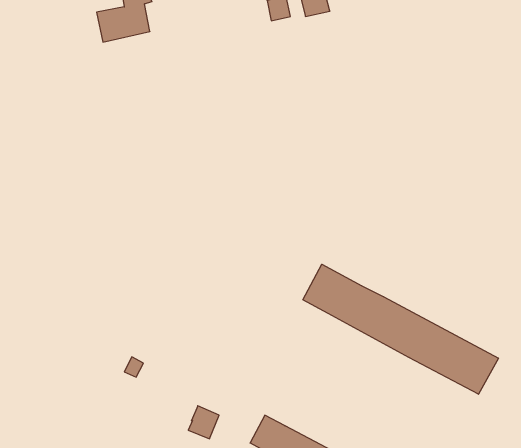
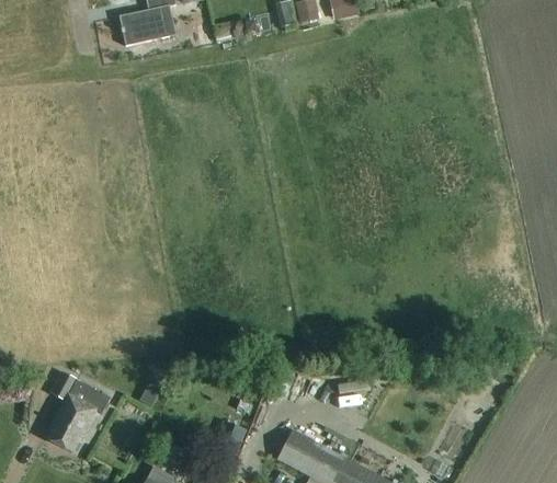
building: [303,264,498,394] -> none
building: none -> [46,370,110,451]

